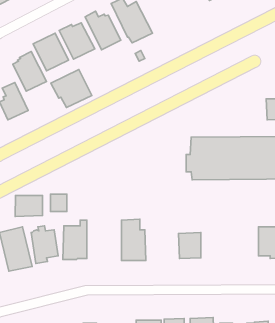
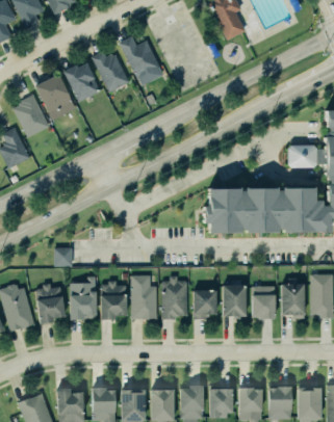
building: [51,69,92,108] -> none
building: [15,196,43,216] -> none
building: none -> [161,274,187,319]
building: none -> [100,281,126,320]
building: none -> [222,285,245,318]
building: none -> [251,286,274,318]

